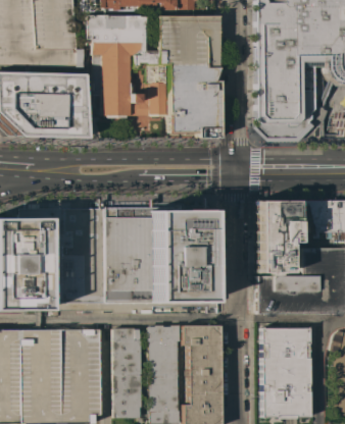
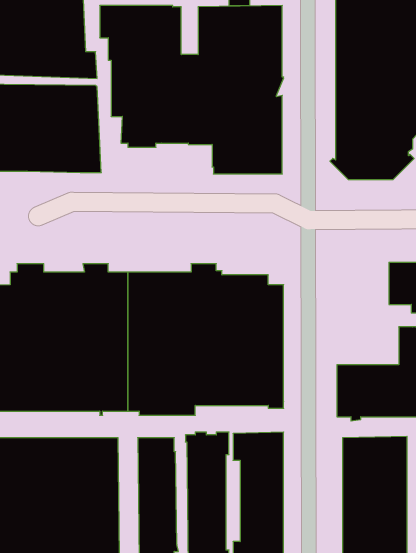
building: [259,201,297,272] -> none

